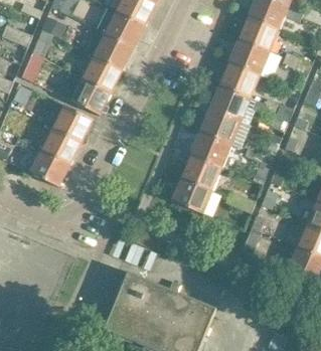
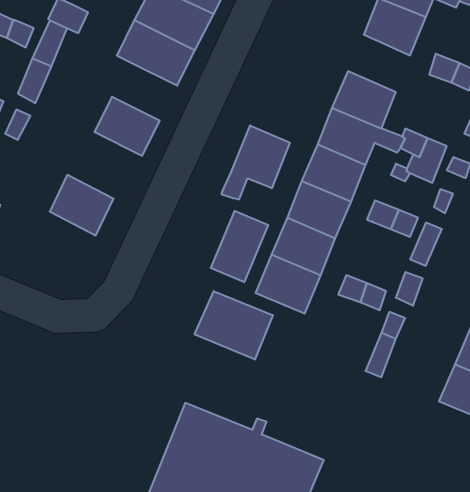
building: [229,38,269,74] -> none
building: [81,55,122,93] -> none
building: none -> [222,125,290,200]
building: [52,105,94,142] -> none
building: none -> [211,211,268,282]
building: [29,150,70,188] -> none
building: none -> [195,291,273,360]

